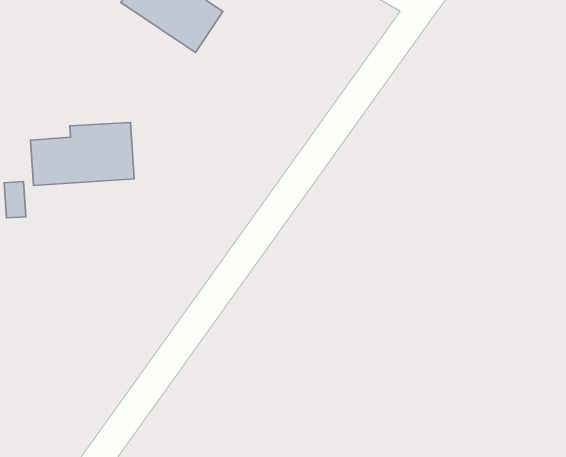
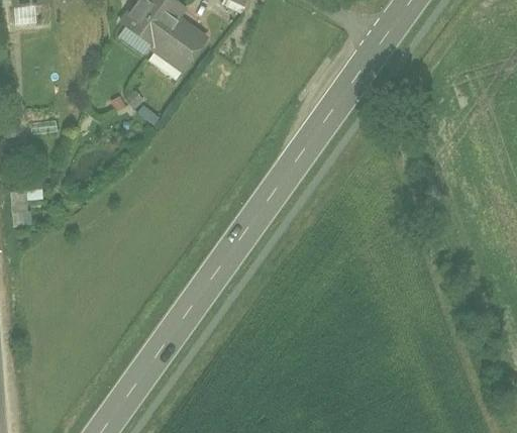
building: [30,122,134,185] -> none

